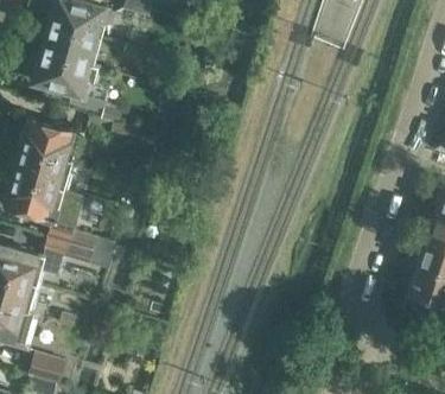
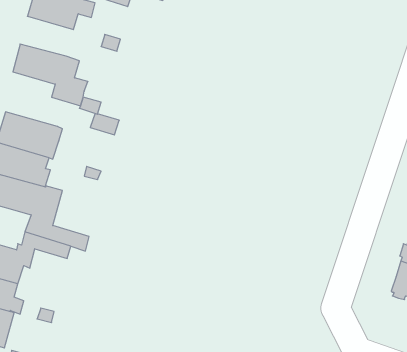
building: [43,27,95,66] -> none

